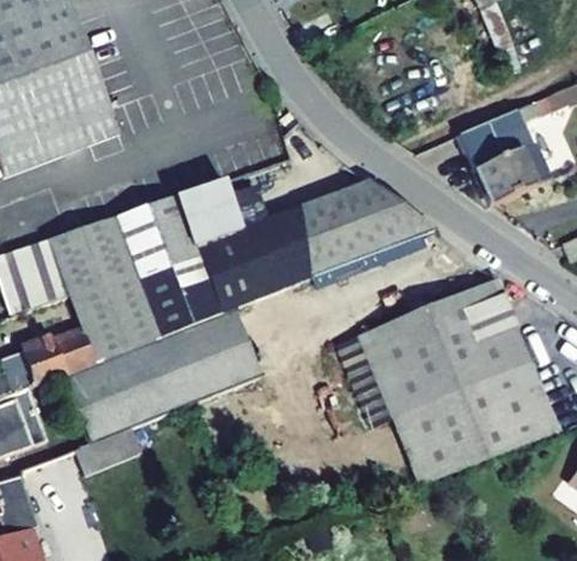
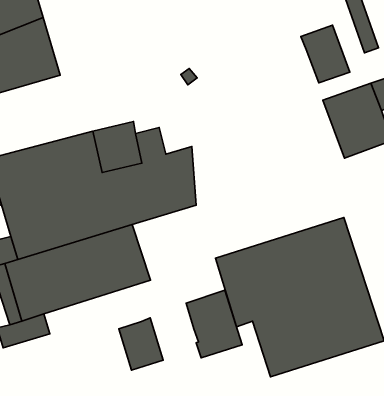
building: none -> [301,25,350,83]
building: [299,180,434,277] -> none
building: none -> [186,290,242,358]
building: none -> [119,318,163,370]

